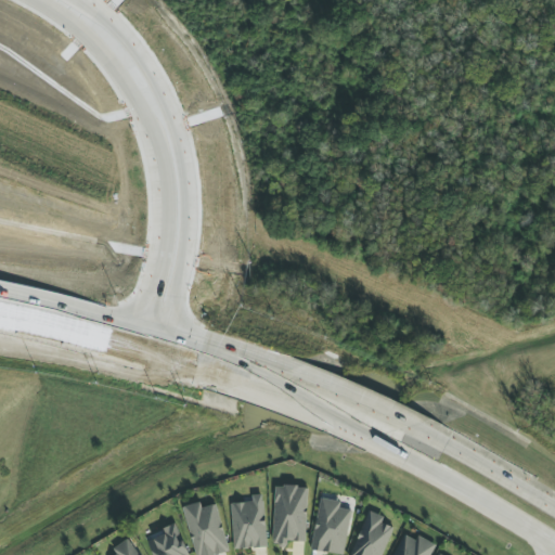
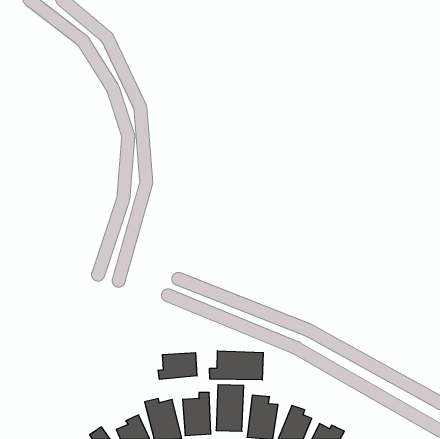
building: none -> [210,351,263,380]
building: none -> [158,353,197,379]

